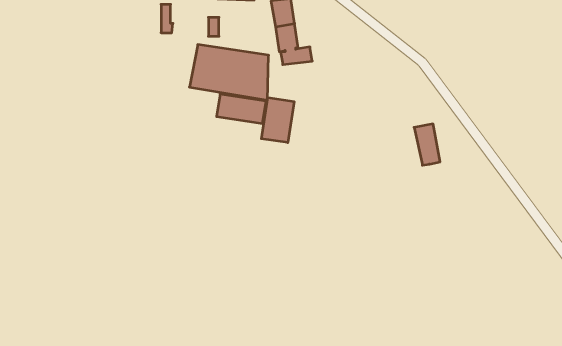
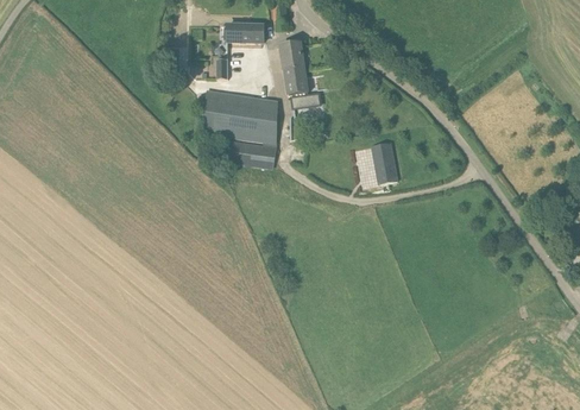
building: [261,98,294,143] -> none
building: [414,124,440,165] -> [371,140,397,182]

